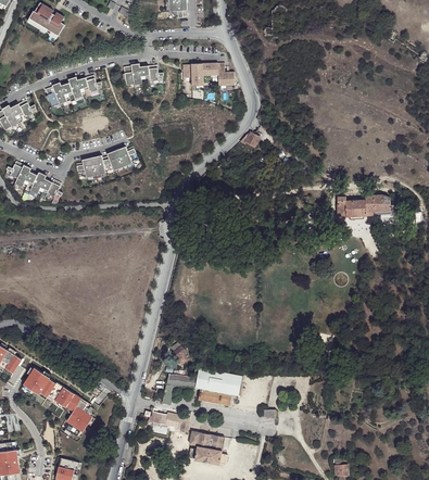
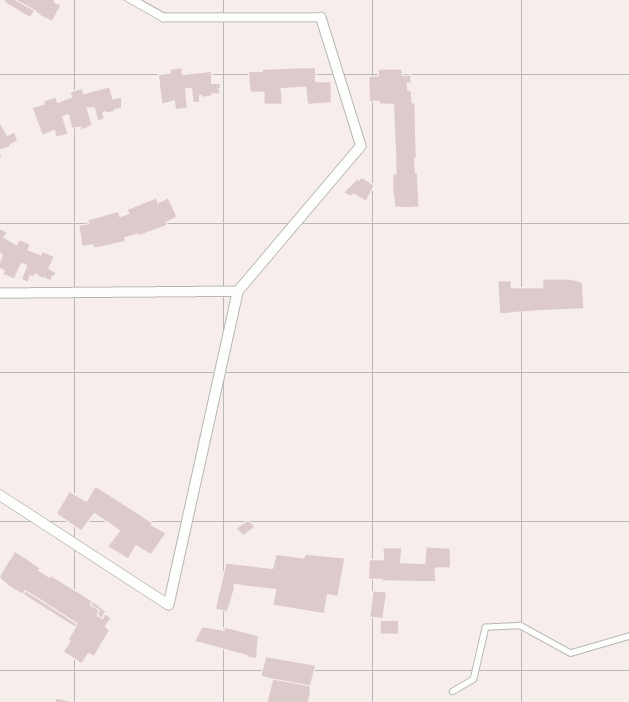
building: none -> [369,69,419,208]
building: none -> [56,486,166,559]
building: none -> [368,547,451,582]

